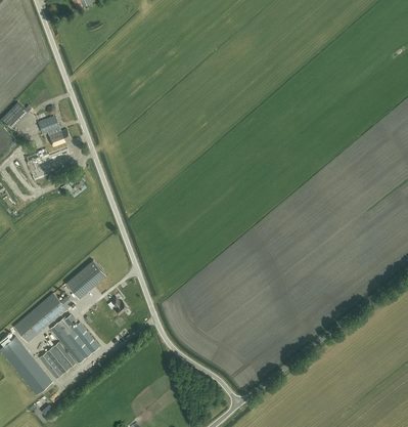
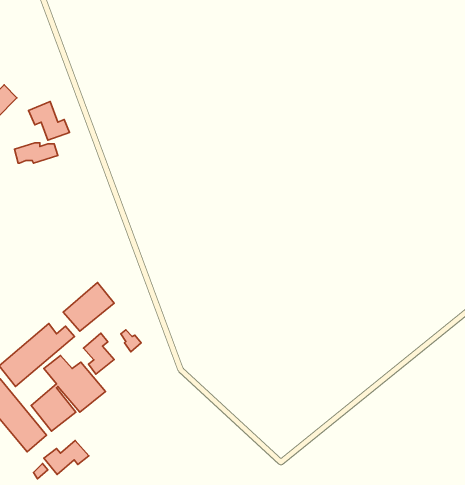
building: none -> [84,333,114,374]
building: none -> [44,441,89,474]

